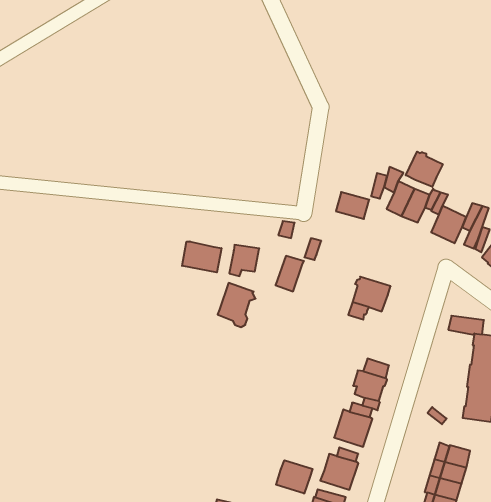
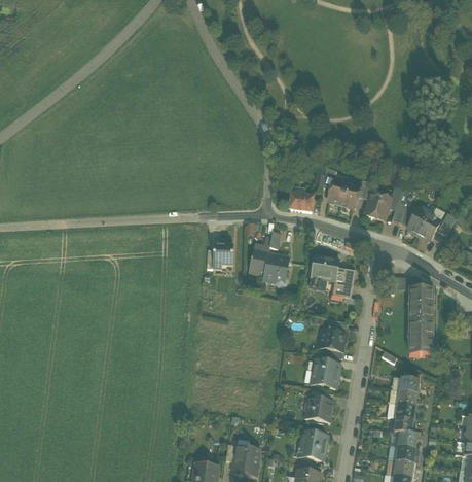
building: [406,152,443,187] -> none
building: [182,241,221,272] -> none
building: [218,283,256,327] -> [263,253,291,286]
building: none -> [332,268,355,298]
building: [276,460,313,494] -> none

